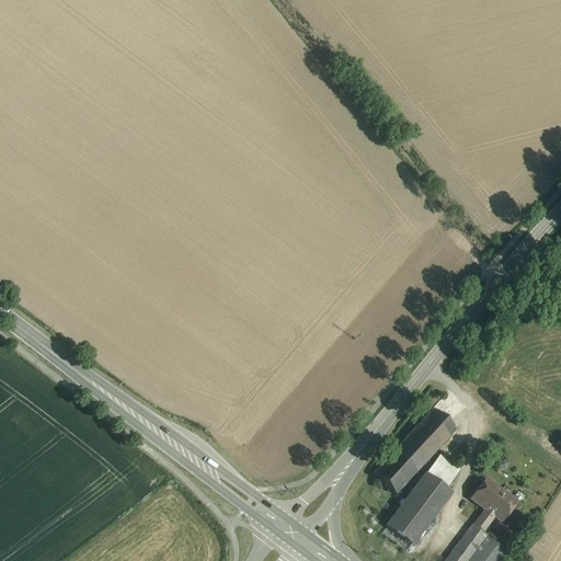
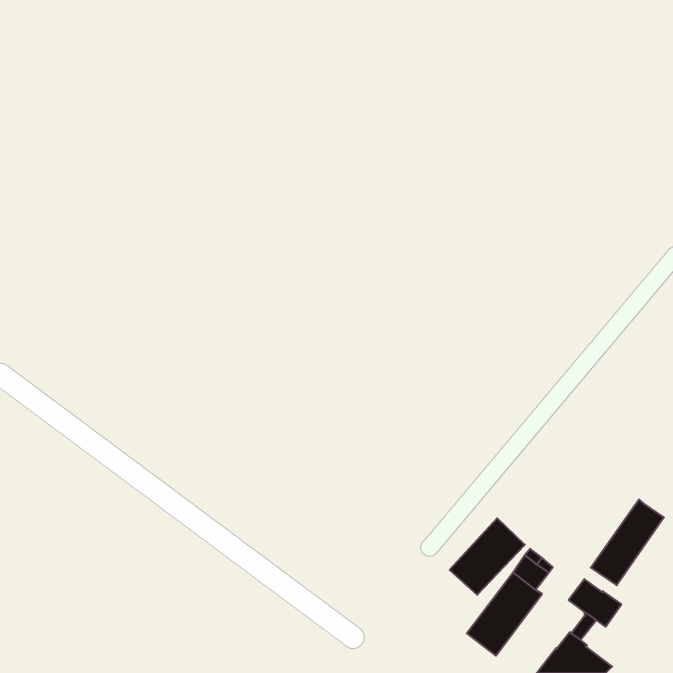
building: [414,408,457,451] -> none
building: none -> [591,499,664,585]

